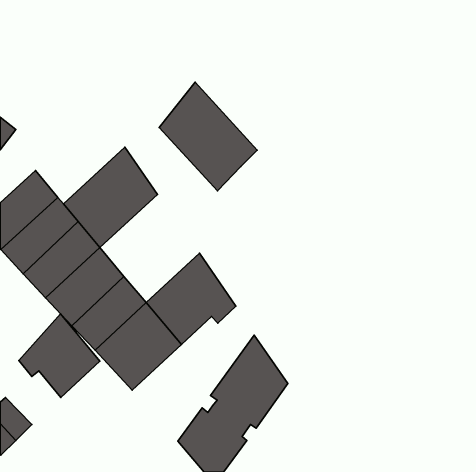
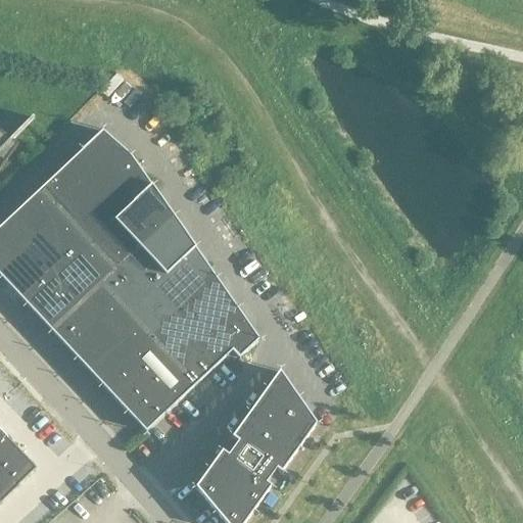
building: [159,82,257,191] -> none
building: none -> [39,128,137,224]
building: none -> [109,213,219,332]
building: [19,314,100,397] -> none

